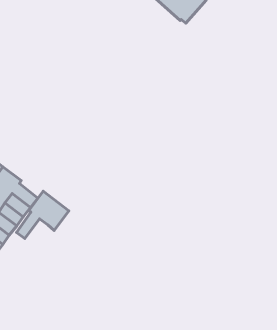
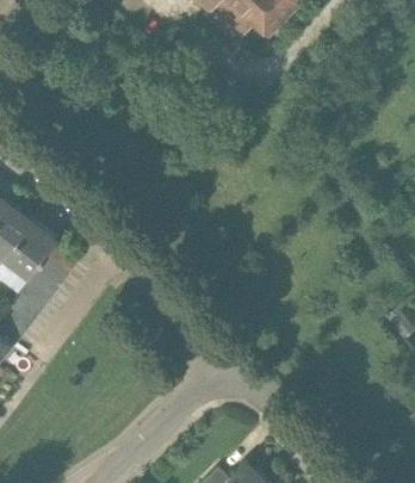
building: [17,191,69,238] -> none

